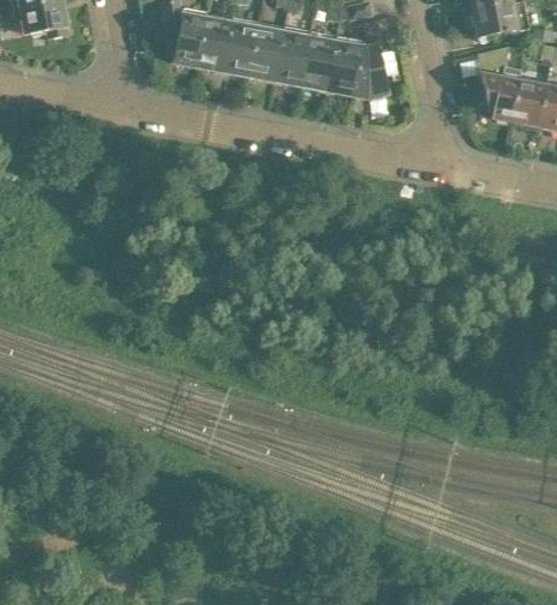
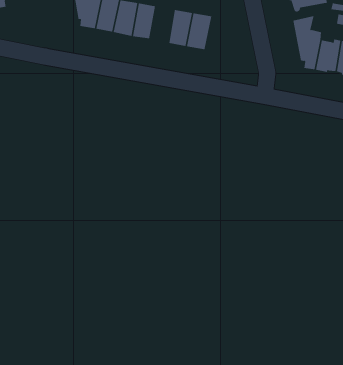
building: [272,30,307,83] -> none
building: [352,30,387,98] -> none

